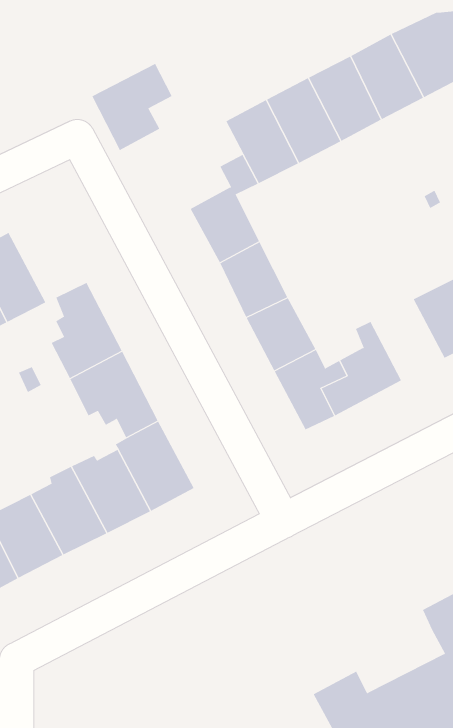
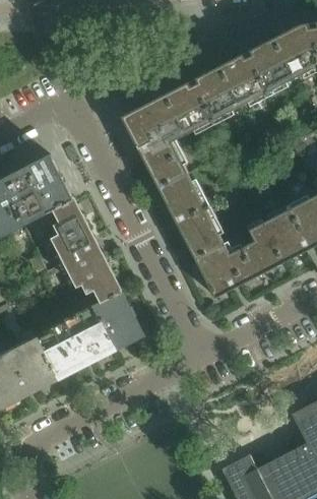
building: [91,63,173,151] -> [122,96,175,152]
building: none -> [22,154,73,213]
building: none -> [258,211,306,264]

